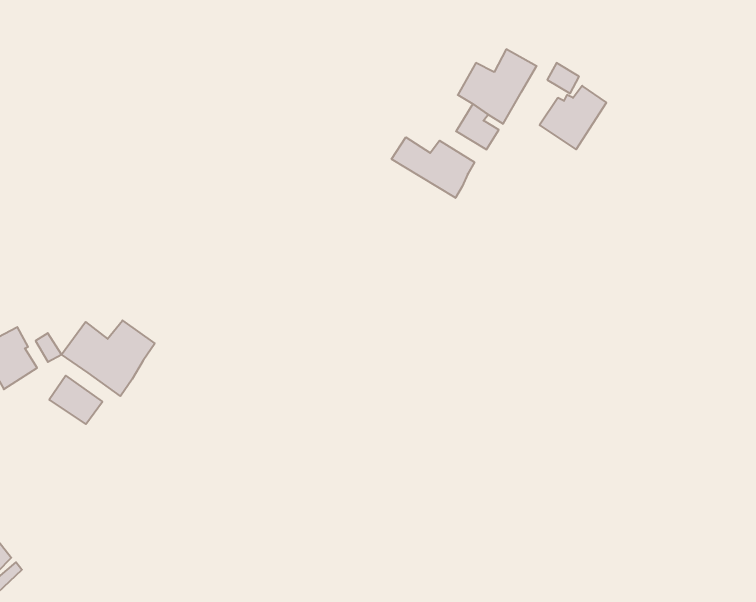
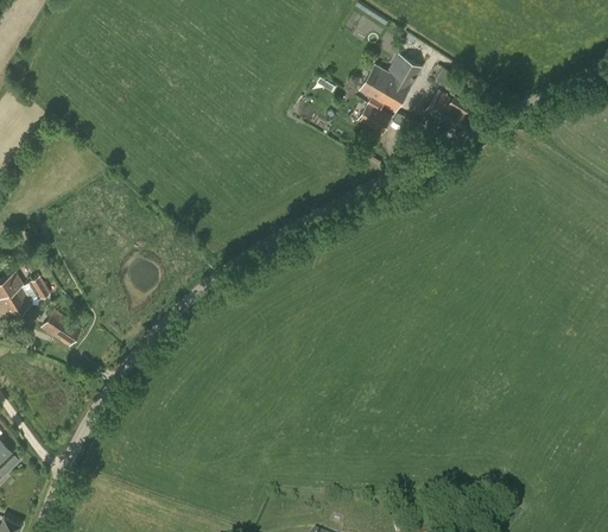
building: [392,137,474,198] -> none
building: [61,320,155,396] -> none

